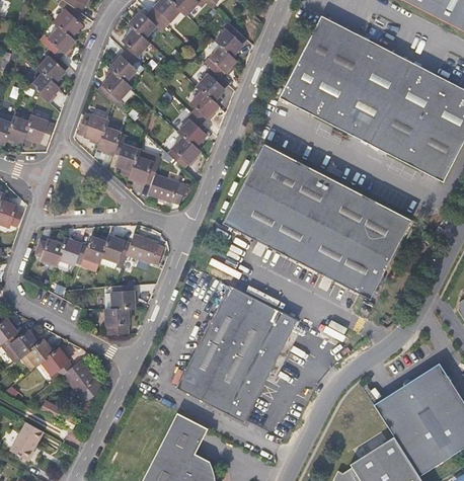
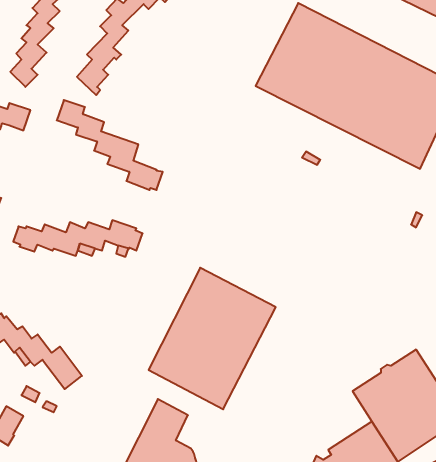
building: [168,21,247,168] -> none
building: [223,144,411,299] -> none
building: [105,285,134,331] -> none

